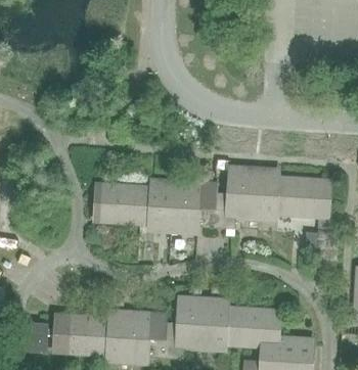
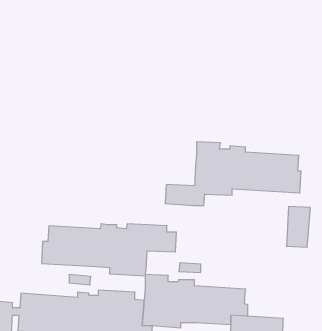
building: [95,181,227,232] -> [42,224,176,276]

